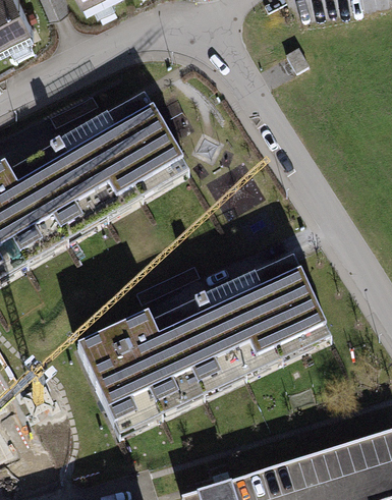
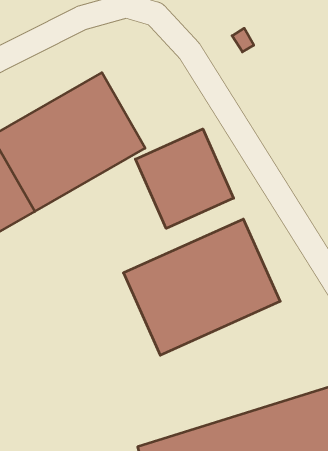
building: none -> [135,129,234,228]
building: [79,308,208,436] -> none

